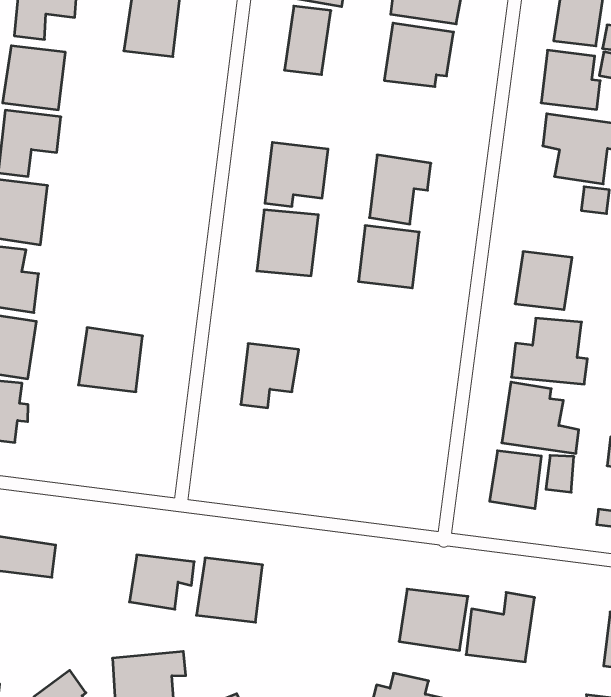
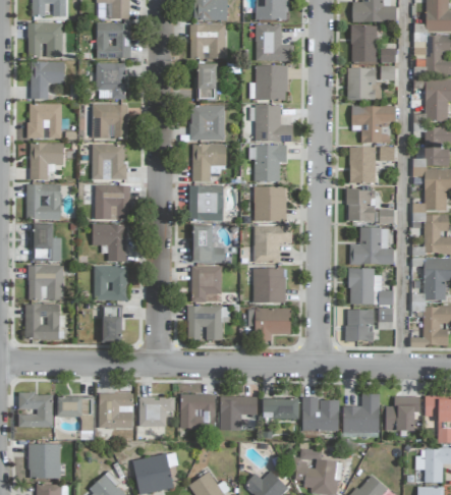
building: none -> [93,104,129,139]
building: none -> [188,103,225,139]
building: none -> [252,102,294,140]
building: none -> [94,145,126,179]
building: none -> [349,147,377,183]
building: none -> [95,185,130,220]
building: none -> [93,224,126,262]
building: none -> [191,223,224,260]
building: none -> [241,223,292,261]
building: none -> [251,266,285,299]
building: none -> [102,307,121,343]
building: none -> [187,304,222,338]
building: none -> [249,309,291,339]
building: none -> [100,393,133,428]
building: none -> [220,396,258,430]
building: none -> [263,399,298,419]
building: none -> [386,396,420,431]

